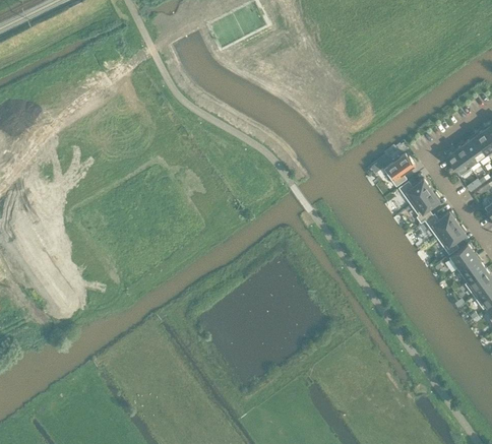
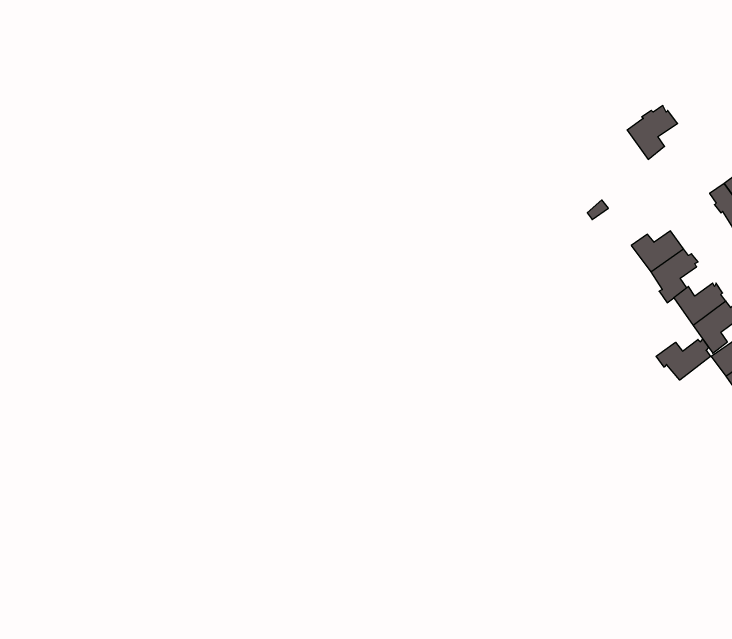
building: [384,154,416,188] -> [627,106,678,159]
building: none -> [656,339,711,380]

